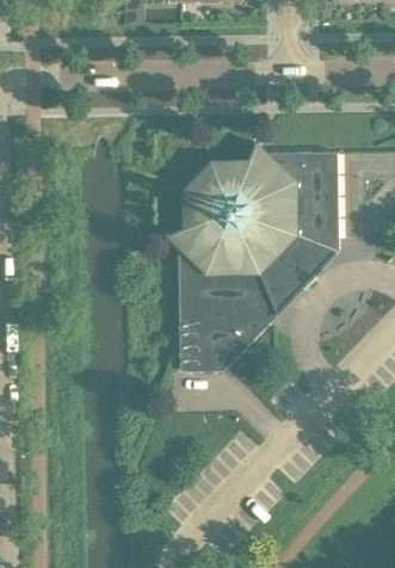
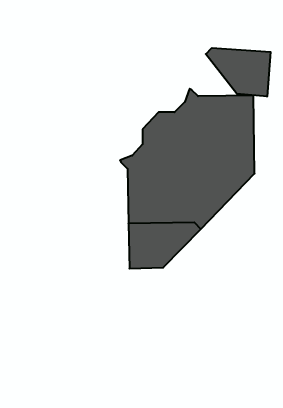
building: none -> [206,48,271,97]

